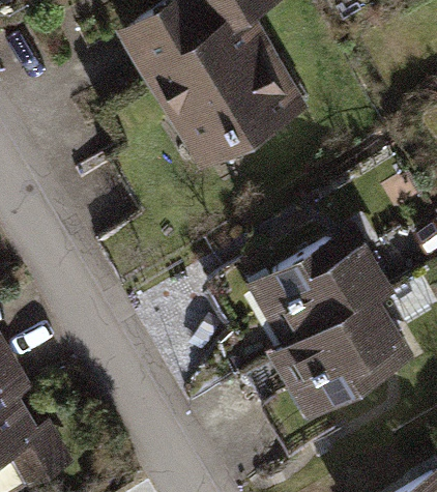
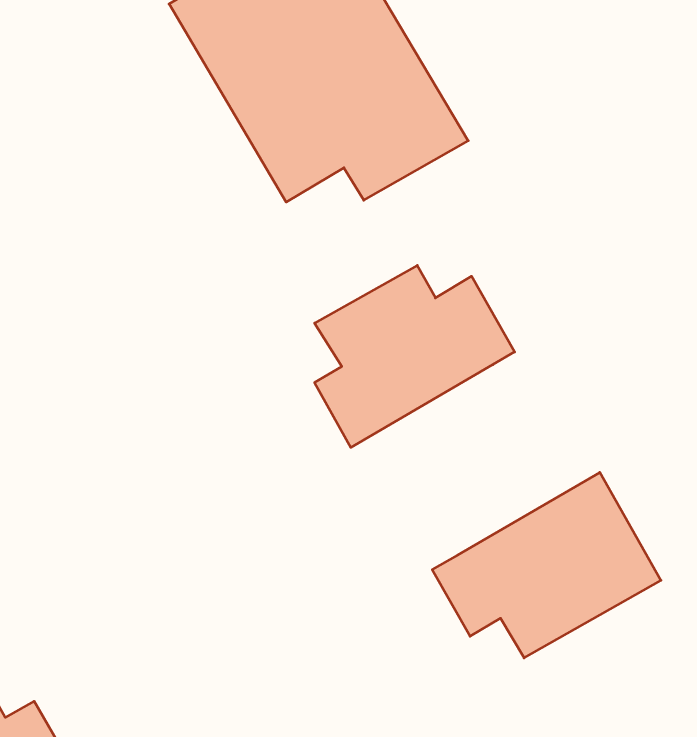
building: [270,242,385,347] -> [315,265,515,447]

